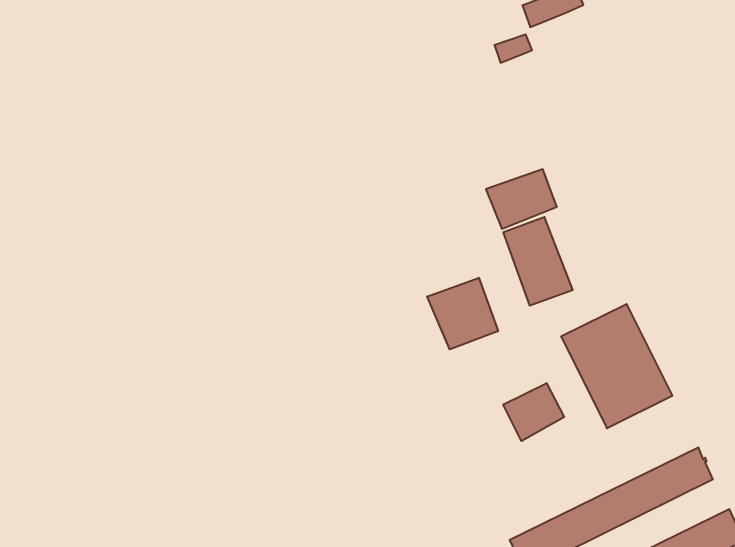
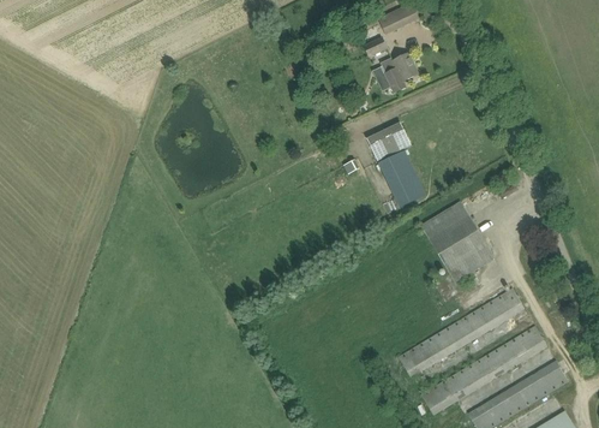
building: none -> [379,53,418,93]
building: [427,278,498,349] -> none
building: [503,383,564,441] -> none

